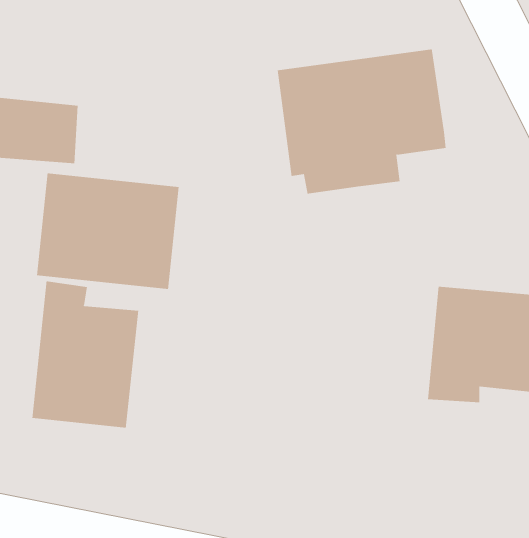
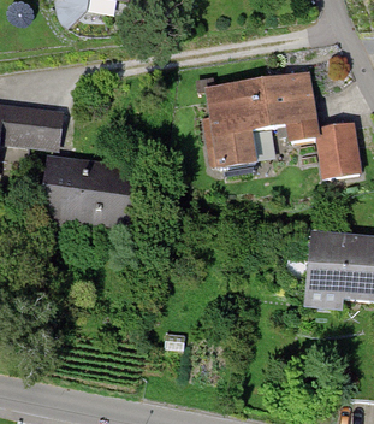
building: none -> [316,122,362,177]
building: [32,281,139,428] -> none

